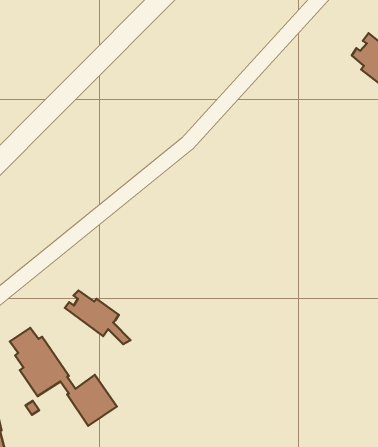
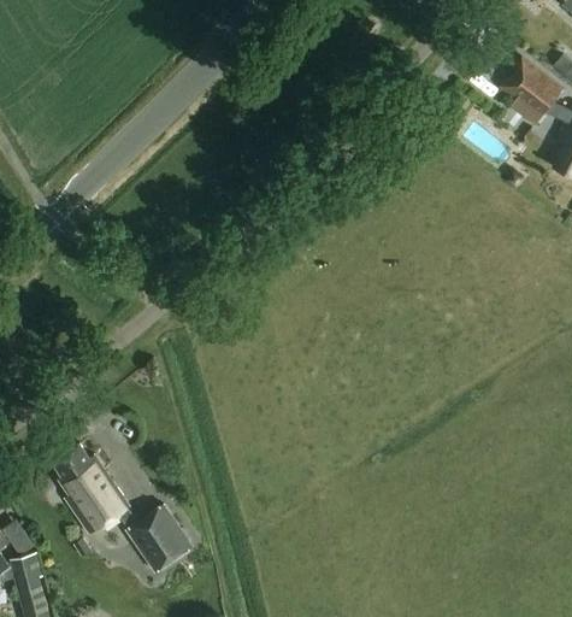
building: [65,291,131,344] -> none

